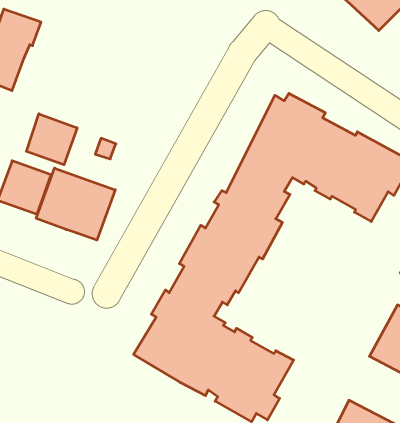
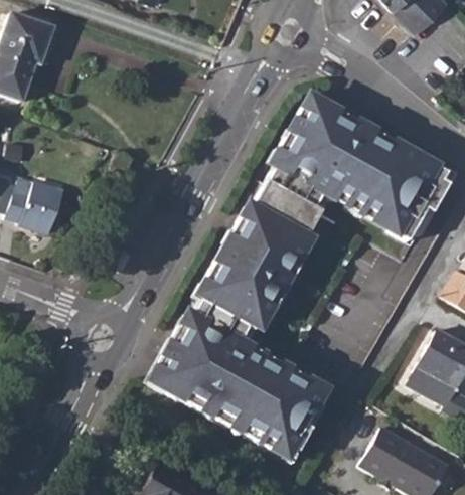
building: [26,114,77,165] -> none
building: [36,168,115,240] -> none

